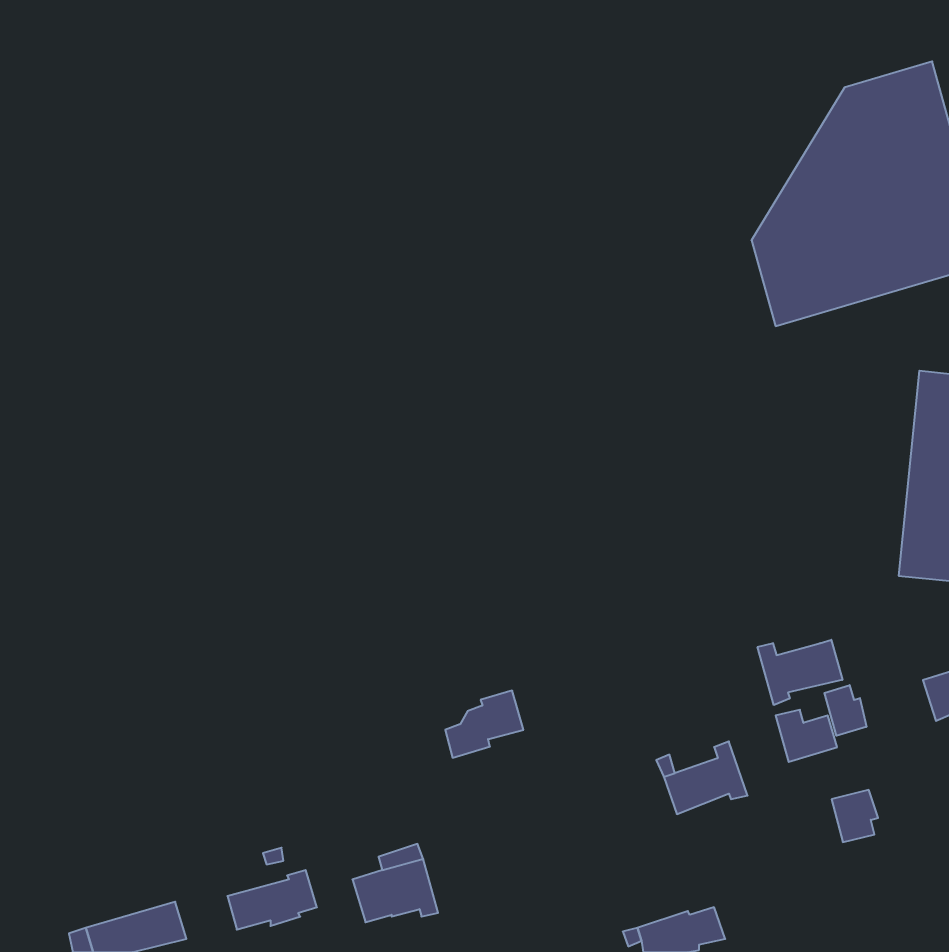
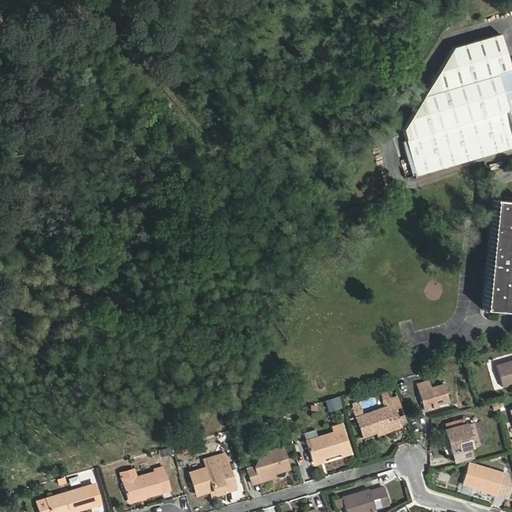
building: [758,640,842,705] -> none
building: [824,685,866,736] -> none
building: [445,691,523,758] -> [249,448,291,484]
building: none -> [307,432,353,461]
building: none -> [464,463,504,494]

